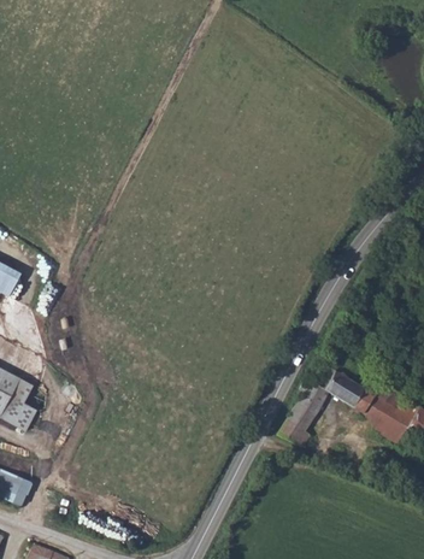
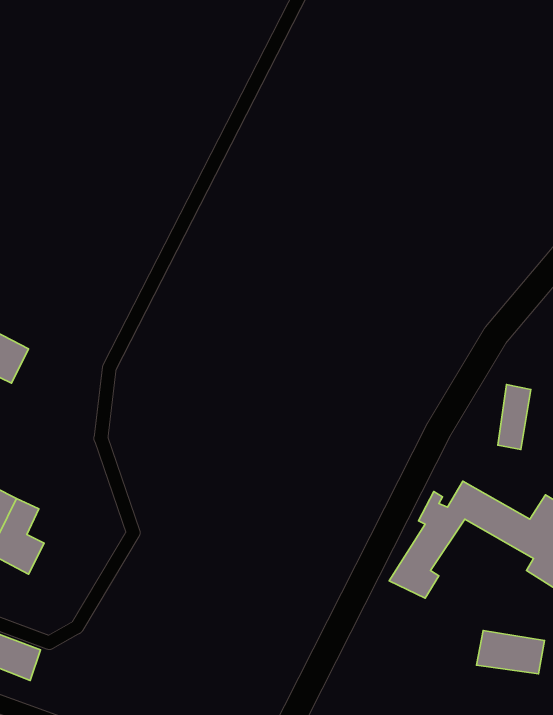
building: none -> [498,385,531,449]
building: none -> [477,630,544,674]

